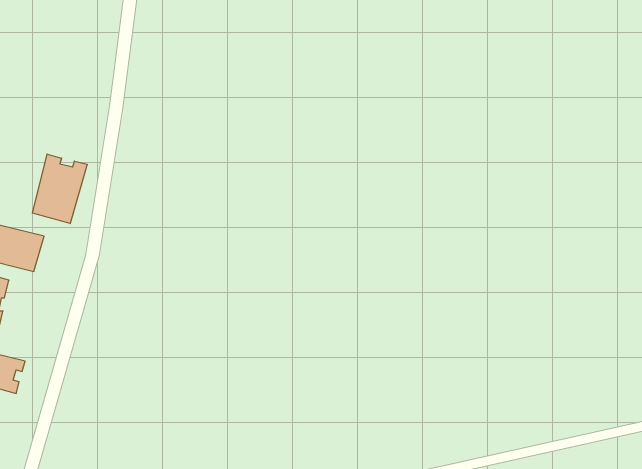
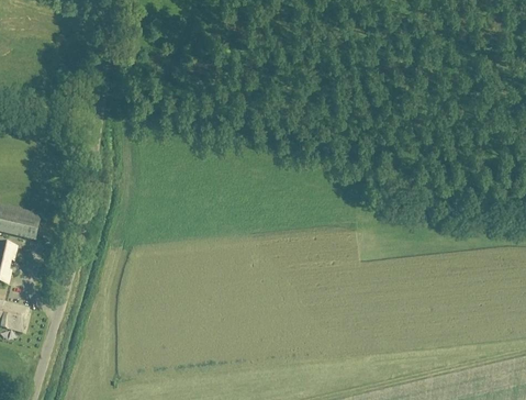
building: [32,154,87,224] -> none

